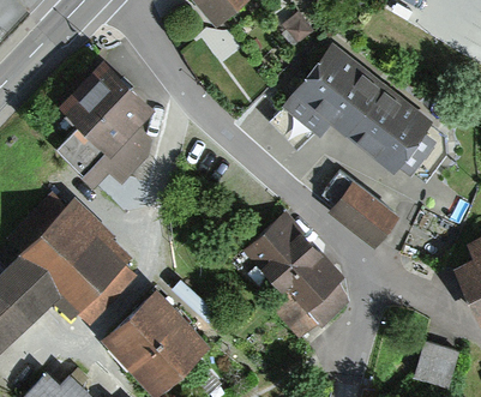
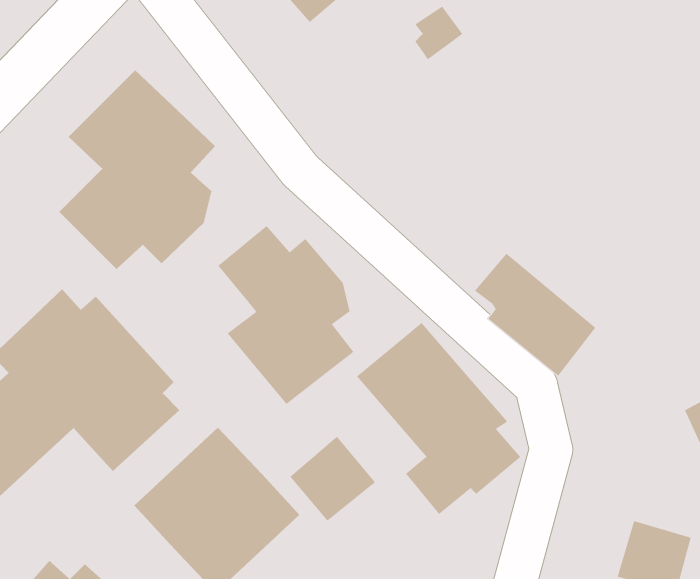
building: [284,48,449,185] -> none
building: none -> [217,225,354,405]
building: none -> [289,436,376,522]

